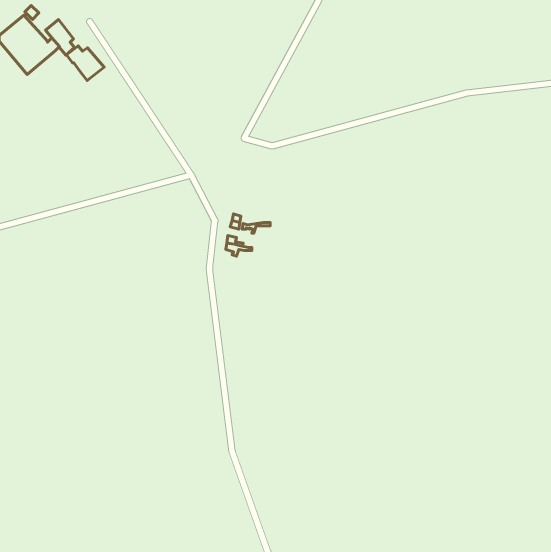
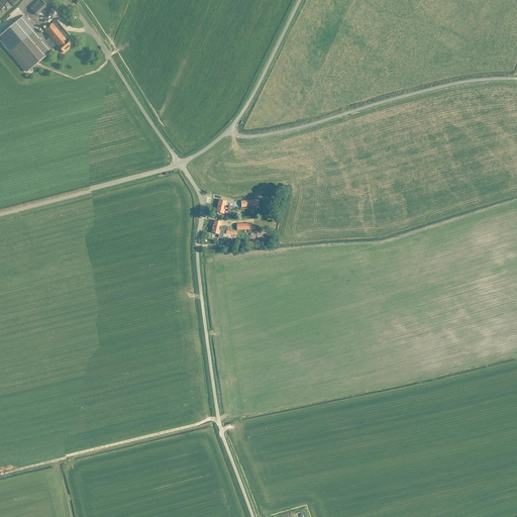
building: [66,46,104,81] -> none

